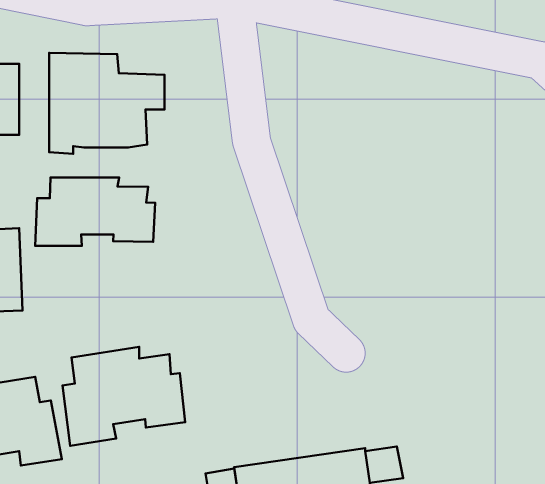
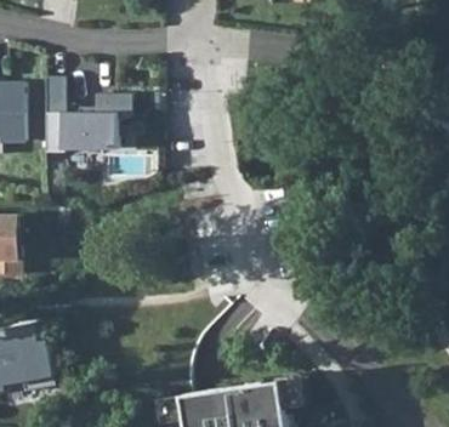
building: [35,177,155,246] -> none
building: [63,347,185,446] -> none

